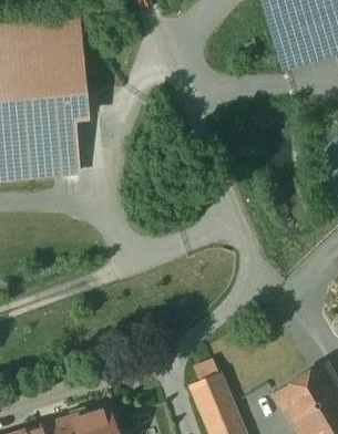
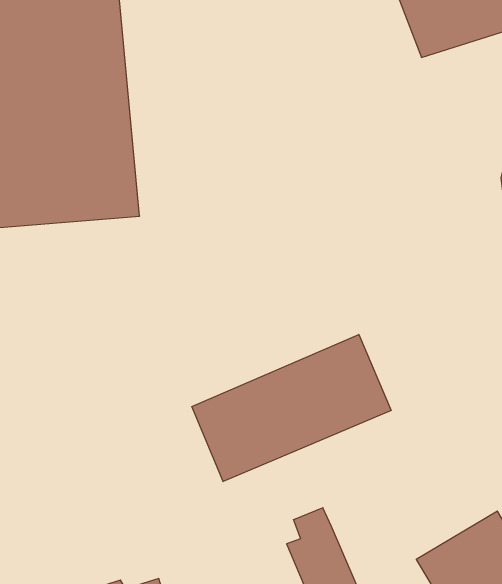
building: none -> [192,334,391,482]

